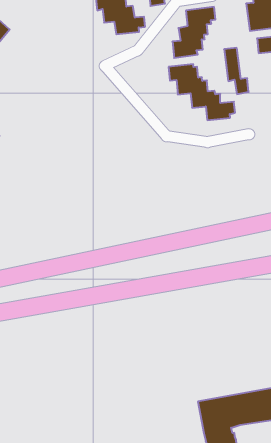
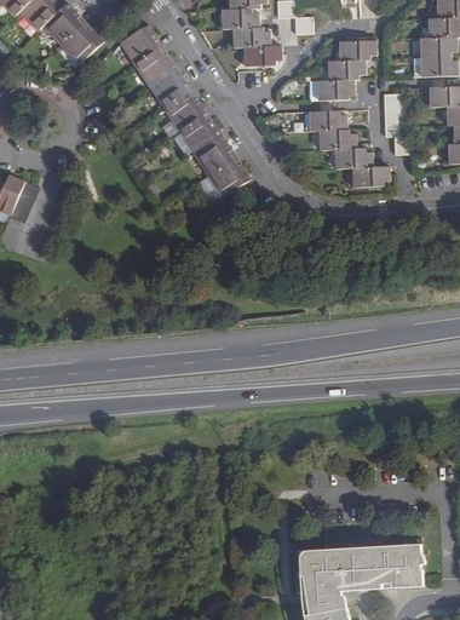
building: none -> [120,25,251,197]

